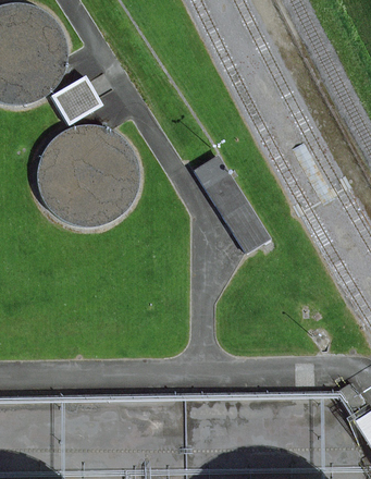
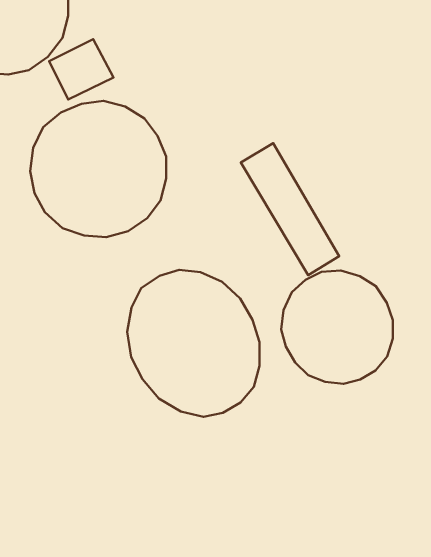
building: none -> [127,270,260,417]
building: none -> [281,270,393,384]

